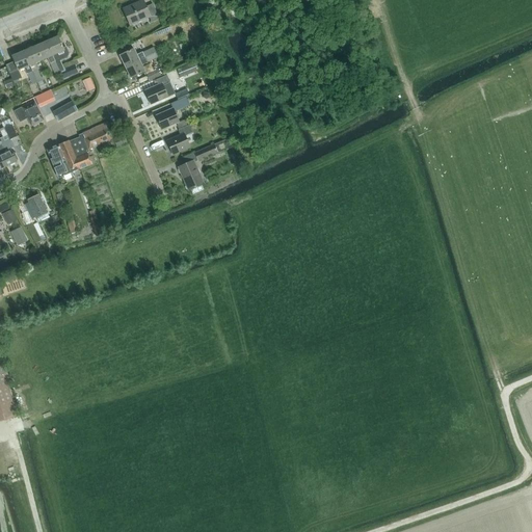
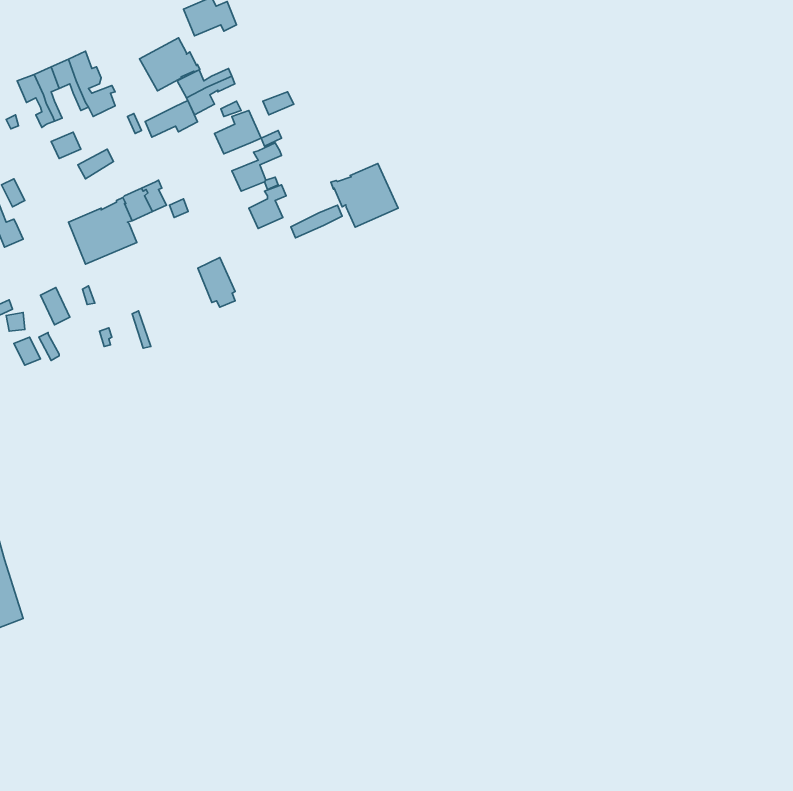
building: none -> [140,38,200,91]
building: none -> [145,101,197,137]
building: [14,100,43,125] -> none
building: none -> [331,163,398,227]
building: [178,159,203,192] -> [198,257,235,307]

